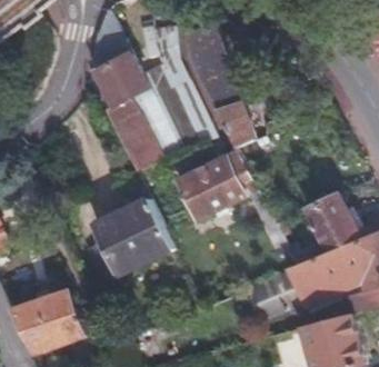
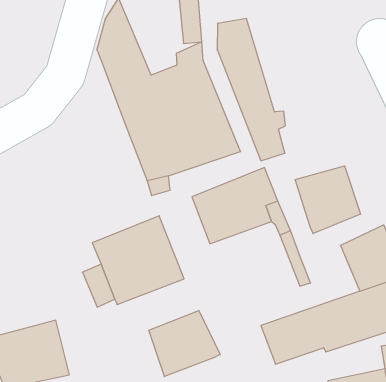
building: none -> [295,166,360,234]
building: none -> [149,311,220,377]

